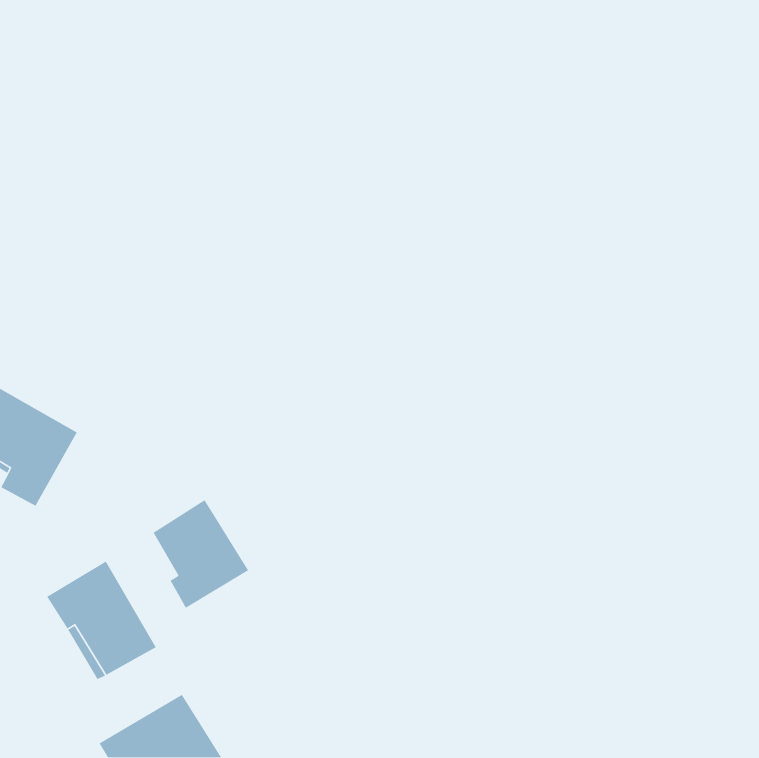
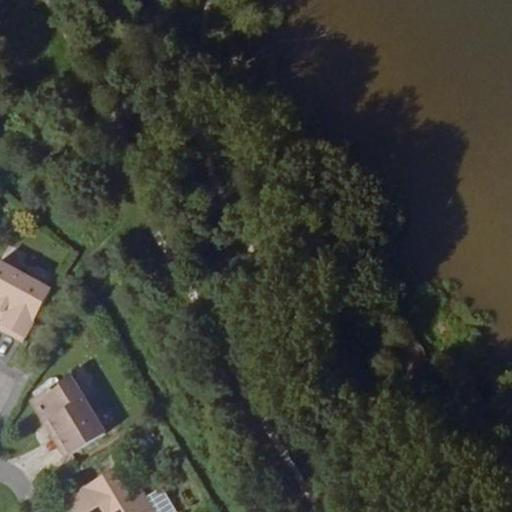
building: [153,499,249,609] -> none

